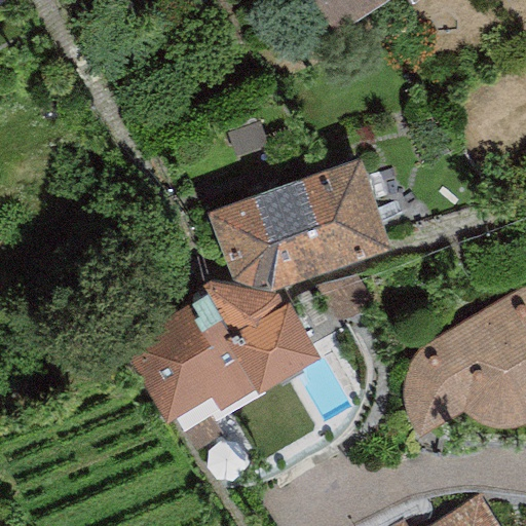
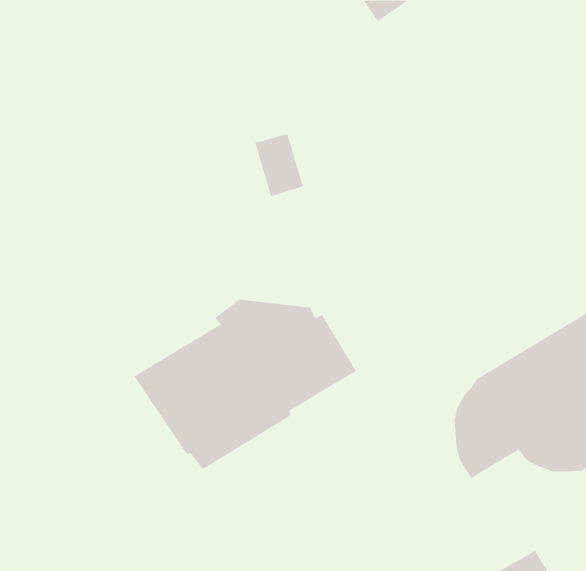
building: [211,156,389,284] -> none

